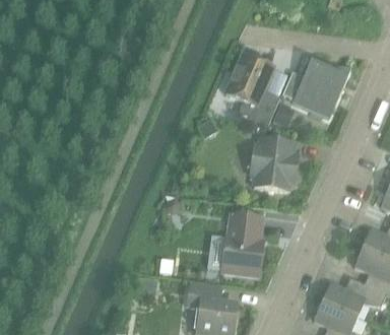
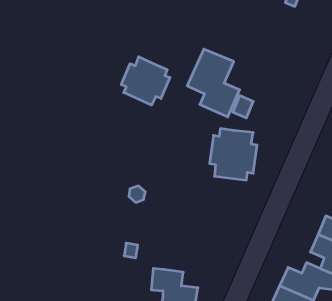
building: none -> [121,57,170,105]
building: [282,61,351,117] -> none
building: [221,211,264,275] -> none

